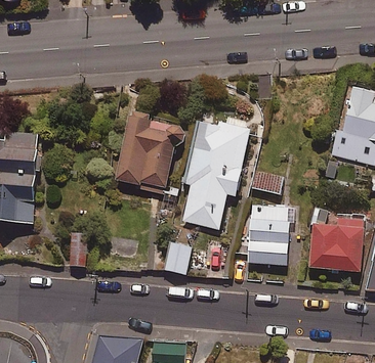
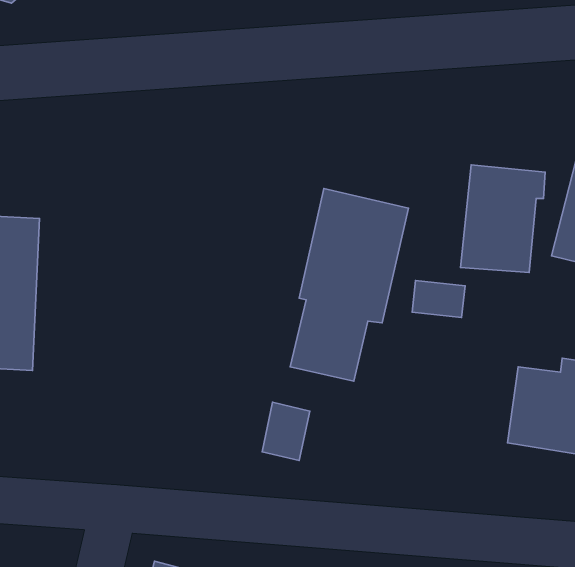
building: [111,110,180,194] -> none
building: [245,203,294,266] -> [460,165,545,273]

